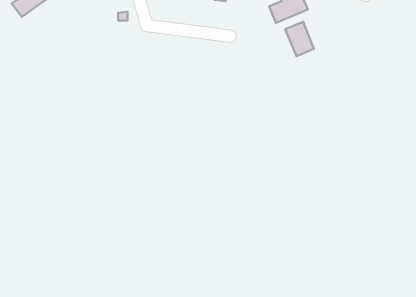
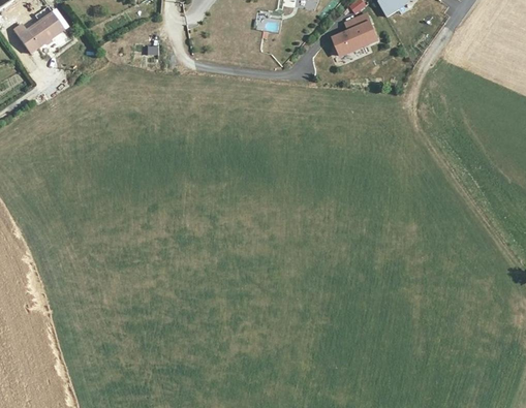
building: [285,22,314,56] -> none

